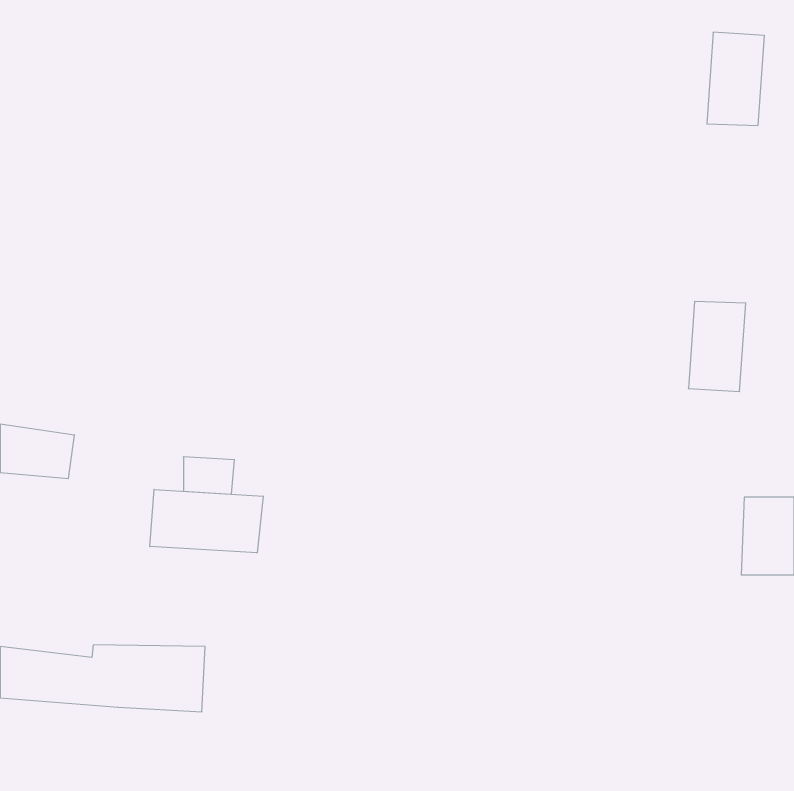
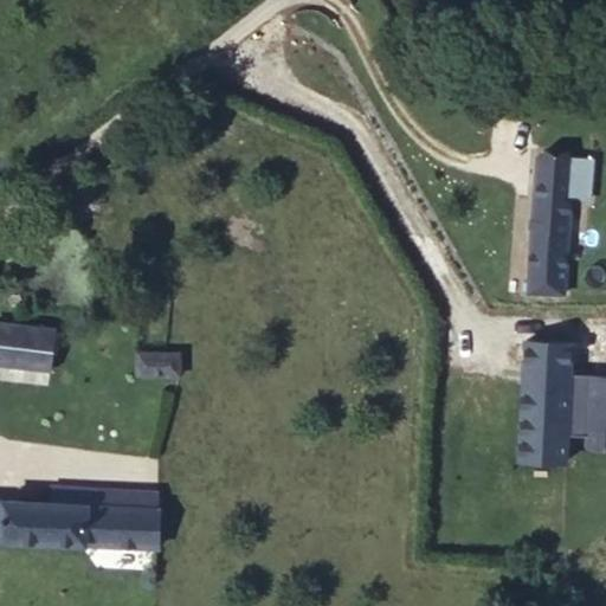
building: [707,32,764,125] -> [529,162,573,233]
building: none -> [520,347,568,468]
building: [150,489,263,553] -> none

